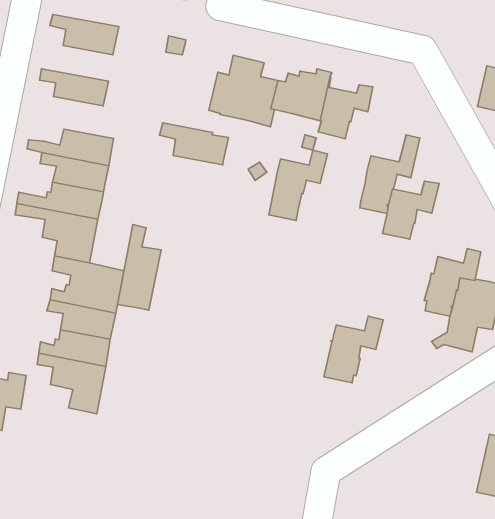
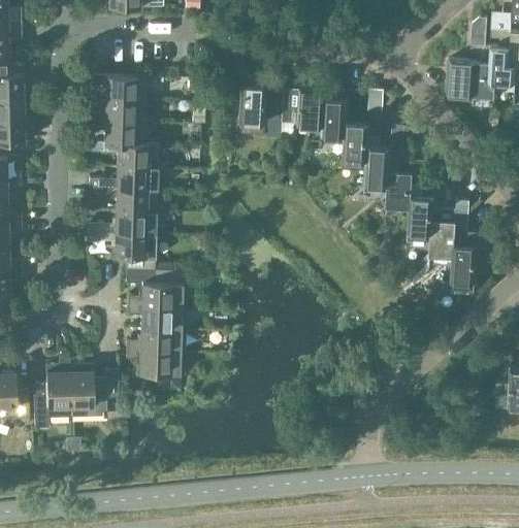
building: none -> [90,100,145,123]
building: [160,123,228,165] -> [102,142,158,168]
building: [269,150,328,221] -> [343,112,382,171]
building: [117,225,161,310] -> none
building: [324,316,383,383] -> [407,186,447,241]

